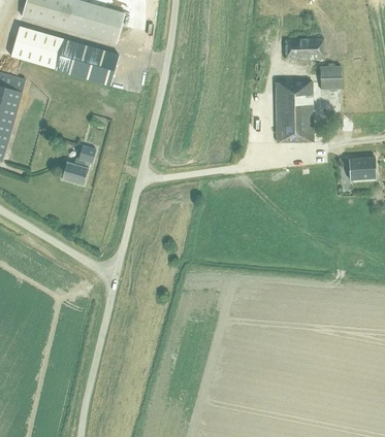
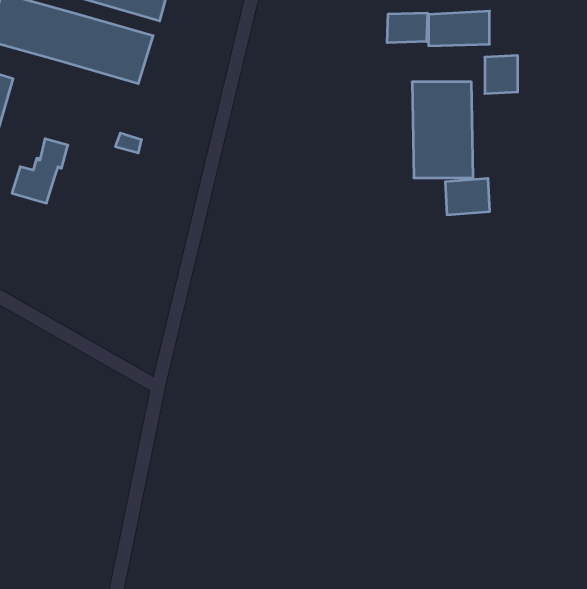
building: none -> [387,13,427,43]
building: [61,144,96,184] -> [12,139,68,203]
building: [348,157,376,179] -> [445,178,490,215]

